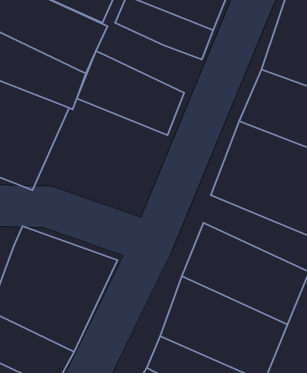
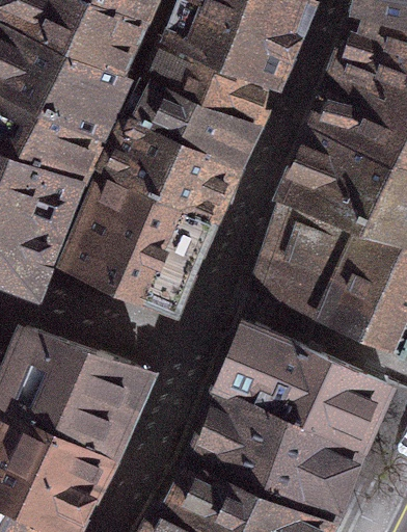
building: none -> [128,75,254,162]
building: none -> [62,169,212,307]

